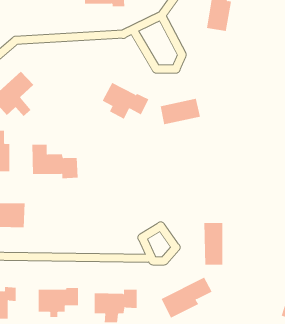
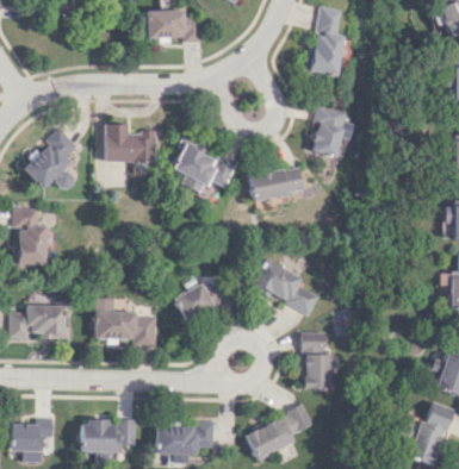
building: none -> [305,105,352,158]
building: none -> [103,124,148,162]
building: [31,144,79,179] -> [94,299,157,345]
building: none -> [250,258,323,315]
building: none -> [174,281,228,323]

